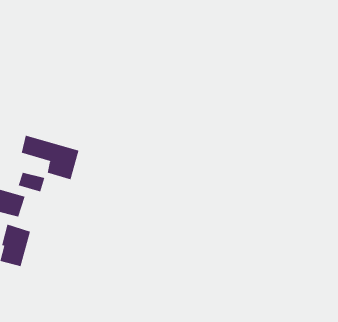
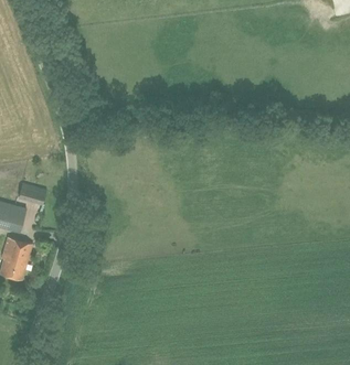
building: [21,135,79,180] -> none

